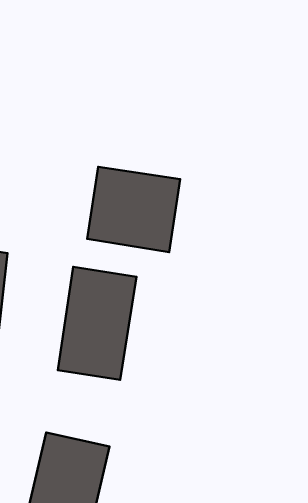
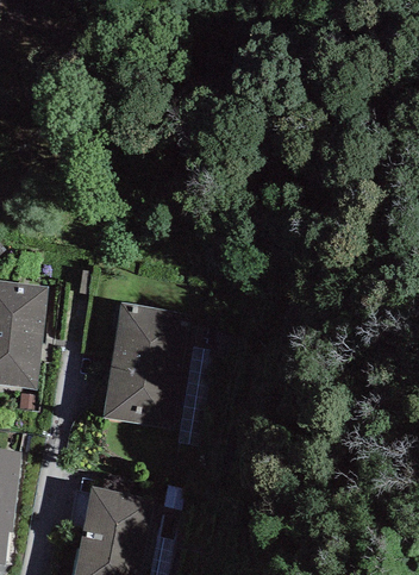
building: [87,167,180,252] -> none

